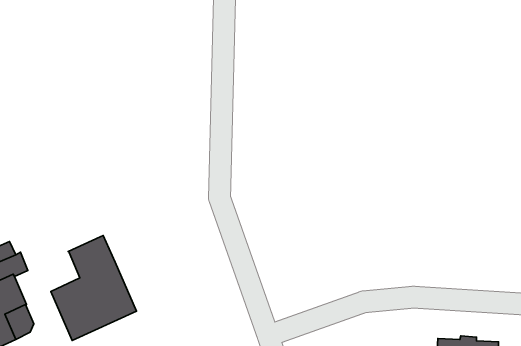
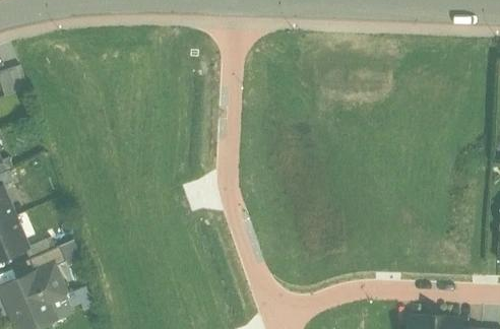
building: [51,236,136,340] -> none

